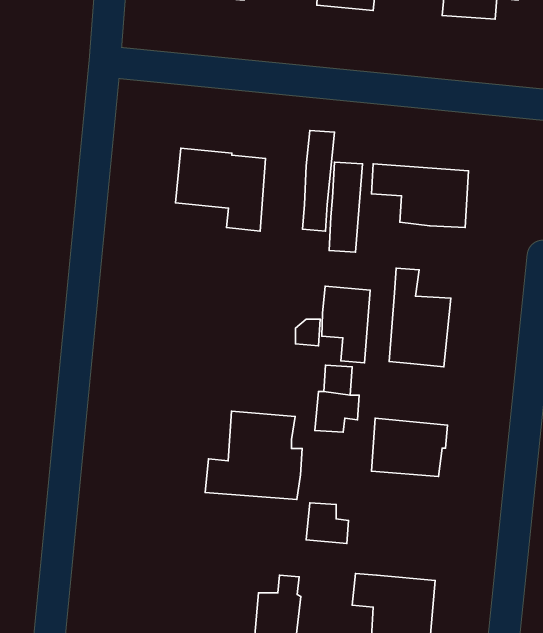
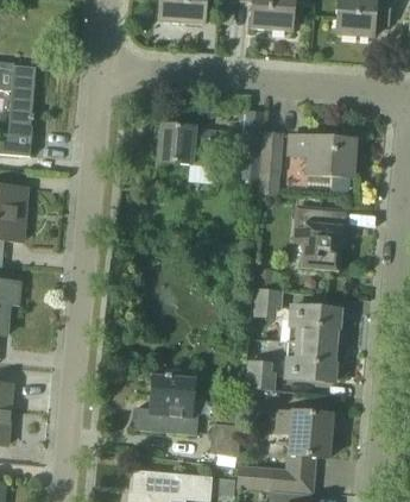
building: [322,286,370,363] -> none
building: [205,411,302,500] -> [134,375,200,434]
building: none -> [285,341,335,381]

